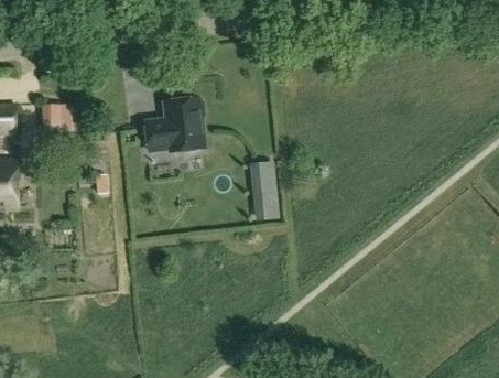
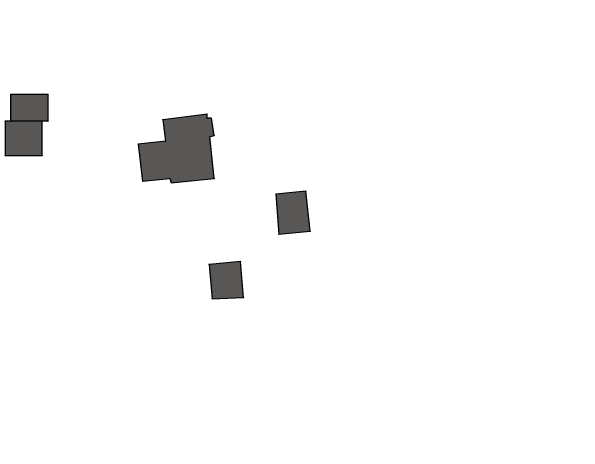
building: none -> [11,94,48,121]
building: [252,191,279,219] -> [209,262,244,299]

